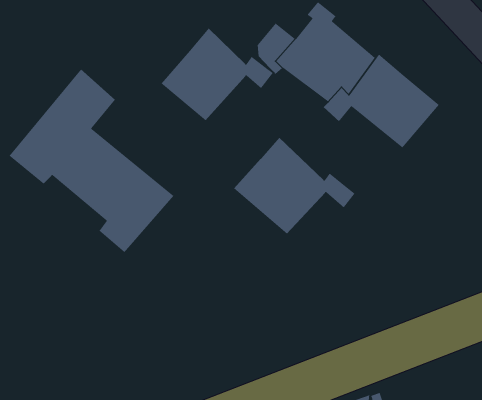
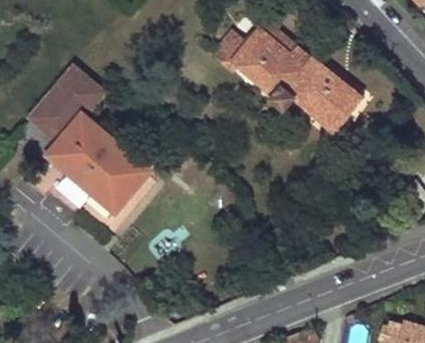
building: [161,28,274,121] -> none
building: [233,137,356,235] -> none

